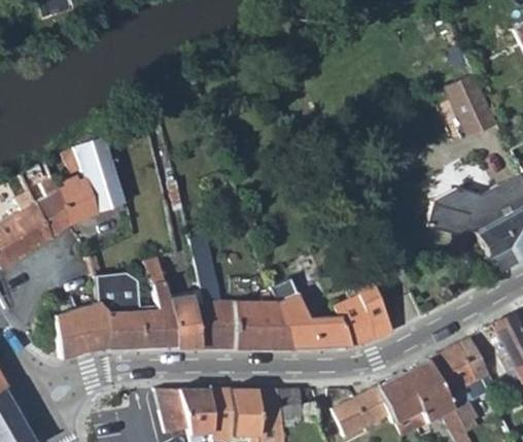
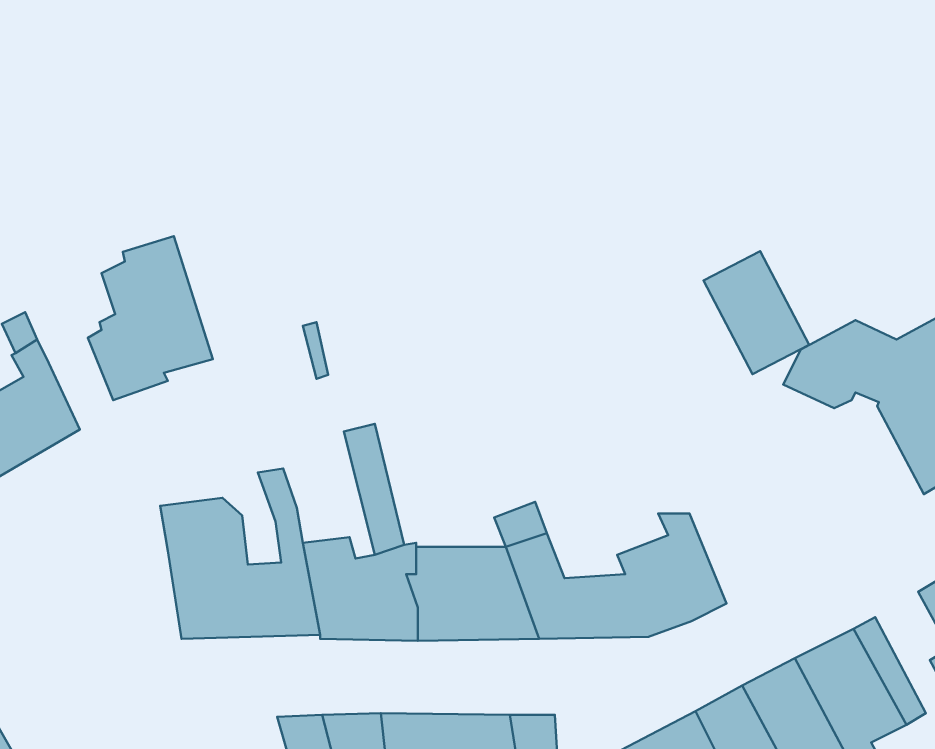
building: [441,73,496,138] -> [704,251,809,374]
building: [35,180,70,239] -> none
building: [56,303,105,360] -> none

